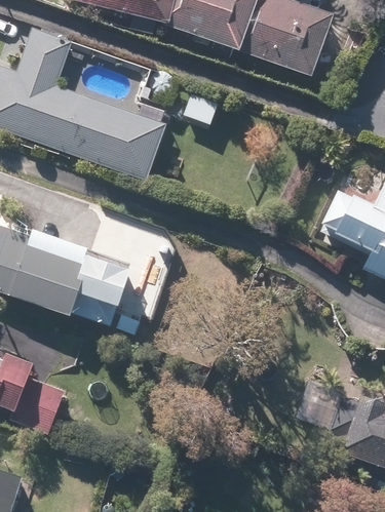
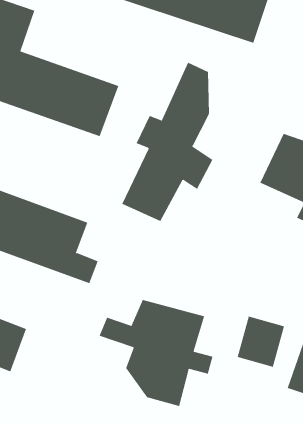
building: none -> [122,62,213,222]
building: none -> [99,299,213,407]

